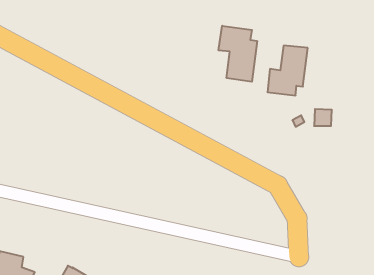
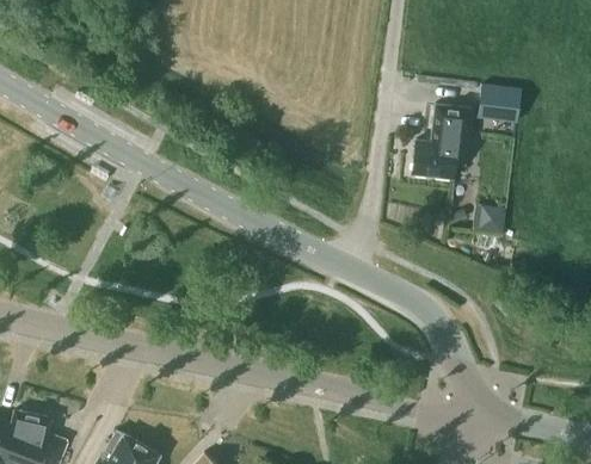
building: [219,26,257,82] -> none
building: none -> [476,87,521,126]

